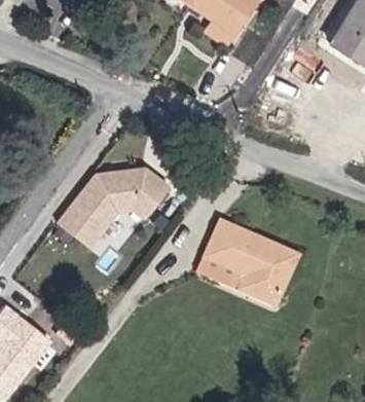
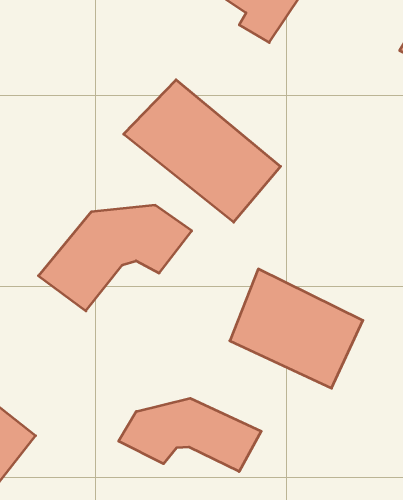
building: none -> [124,80,281,222]
building: none -> [119,398,261,472]

